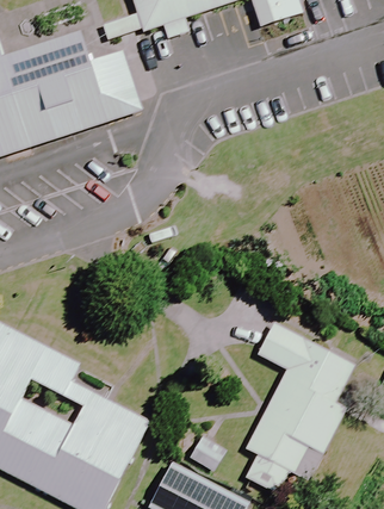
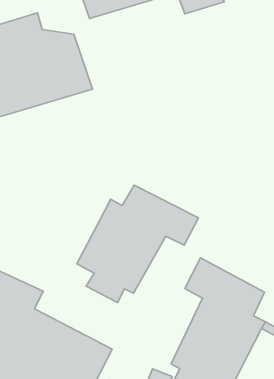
building: none -> [77,185,198,302]

